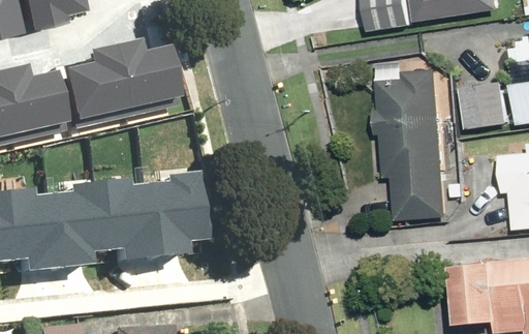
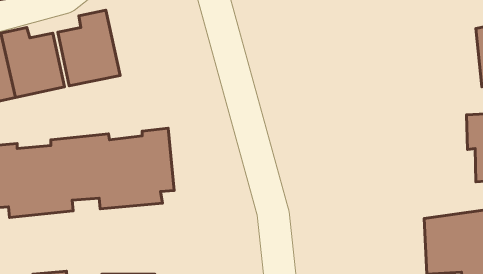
building: [118,37,186,114] -> none
building: [377,68,448,218] -> none
building: [464,85,512,129] -> none

